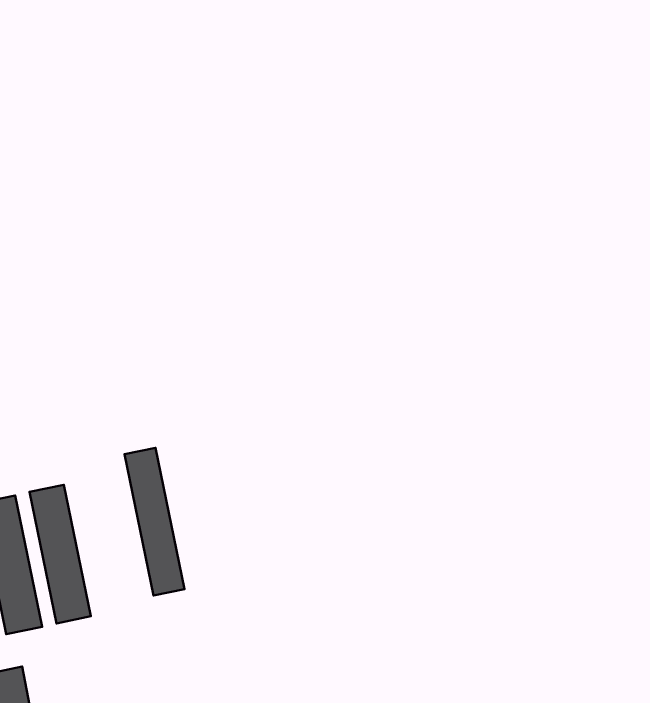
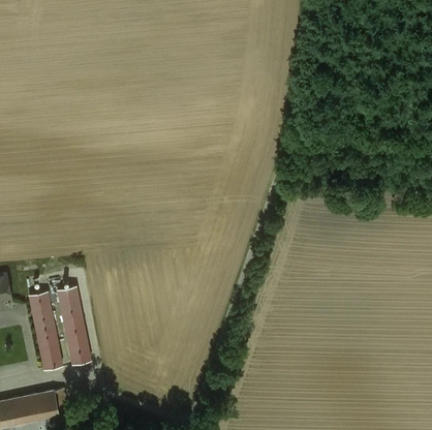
building: [124,448,184,595] -> none

